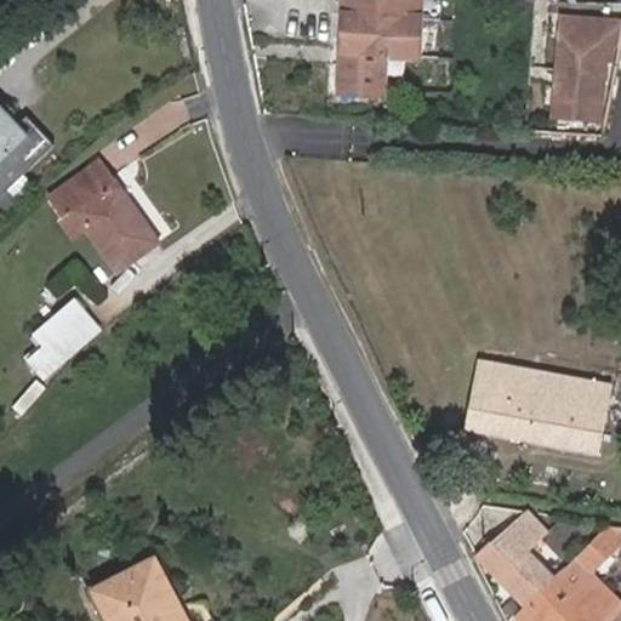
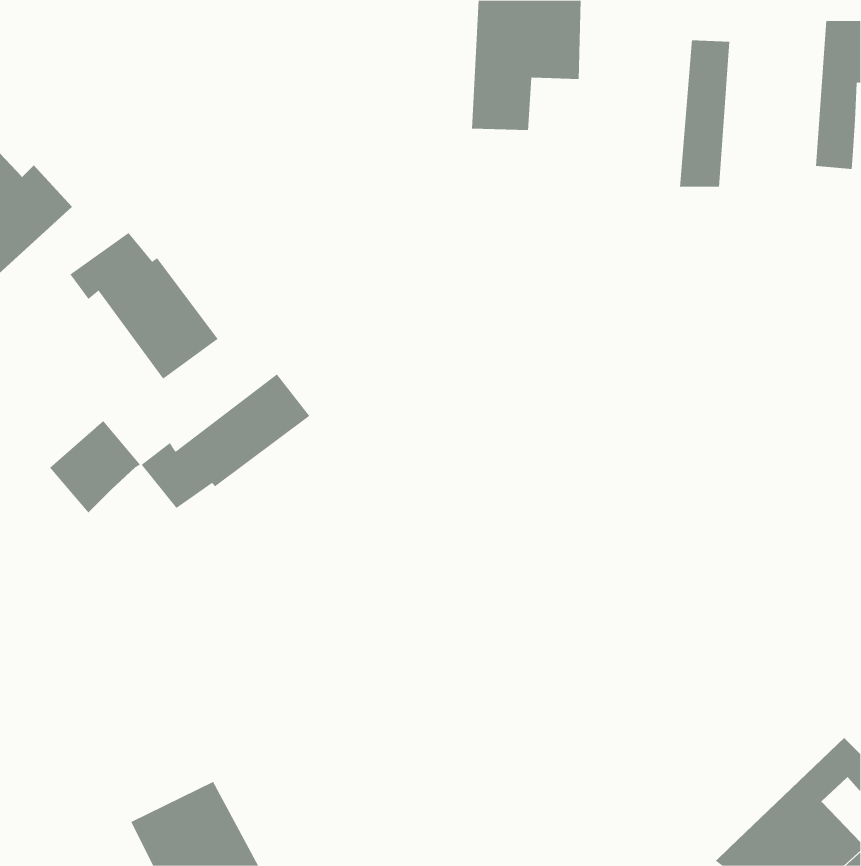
building: [554,13,591,119] -> [679,40,730,187]
building: none -> [141,374,310,509]
building: [466,361,606,451] -> none
building: [475,512,549,606] -> none

